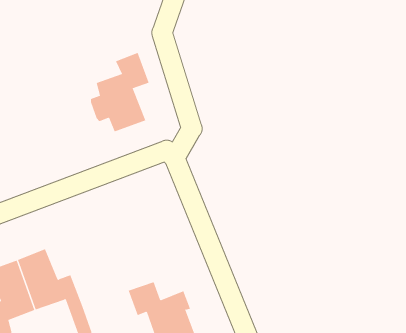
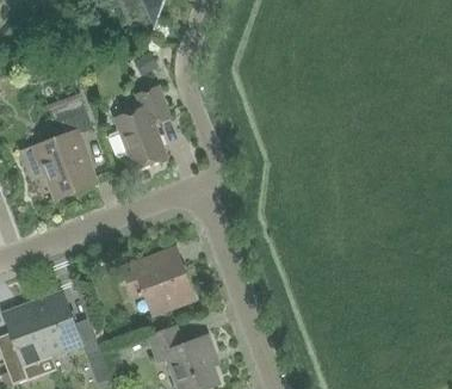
building: none -> [21,97,95,198]
building: none -> [123,255,193,313]

